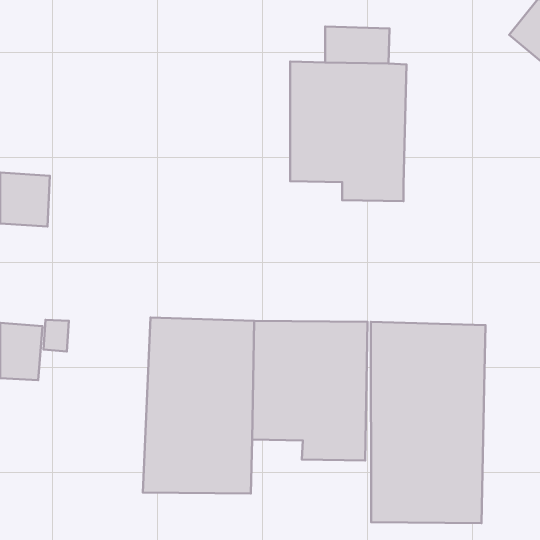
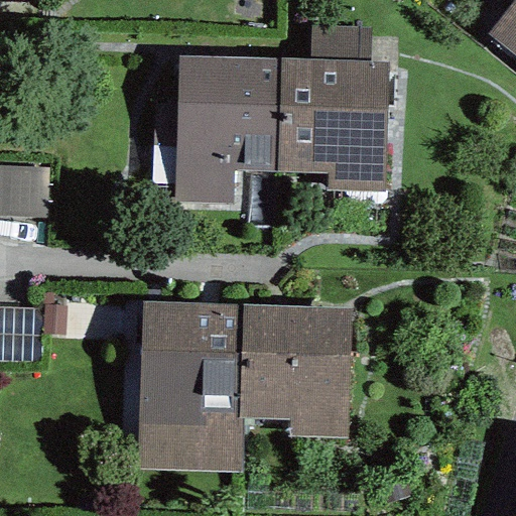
building: none -> [174,55,277,203]
building: [371,322,485,523] -> none

